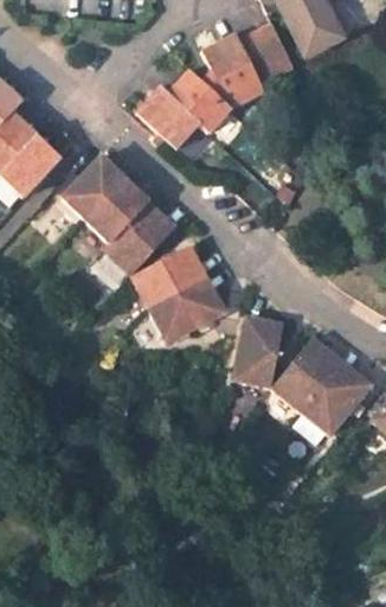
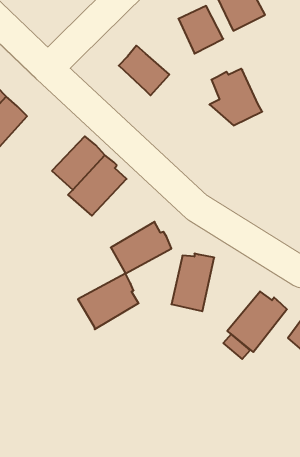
building: [200,39,263,107] -> [209,69,262,125]
building: [137,87,200,148] -> none
building: [64,156,128,222] -> none
building: [139,247,211,313] -> [78,273,139,329]
building: [269,338,336,413] -> none

